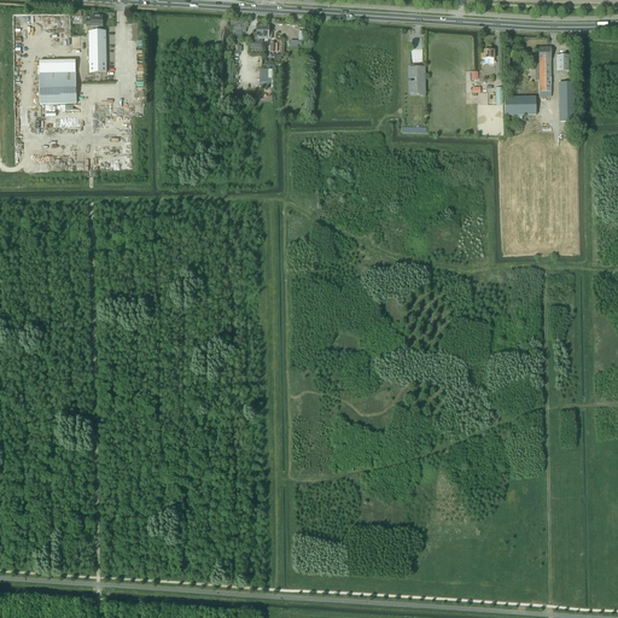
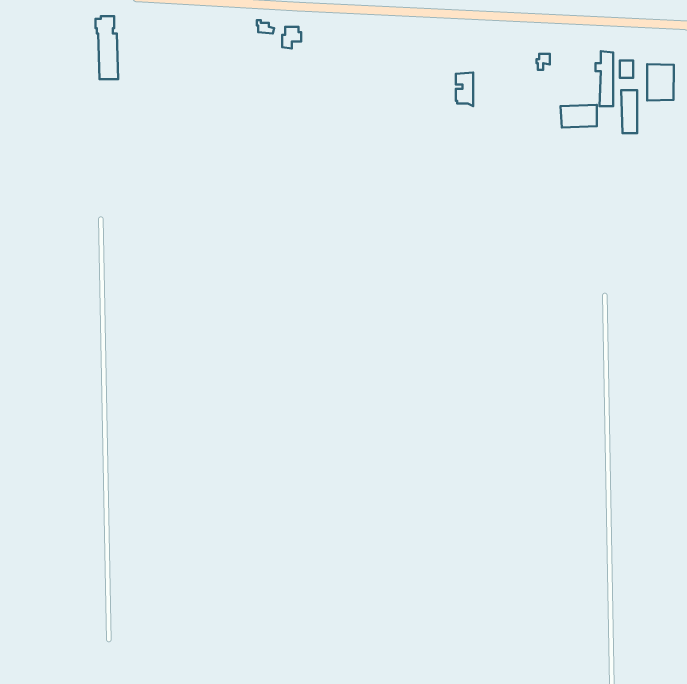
building: none -> [647,64,674,101]
building: [39,72,76,103] -> none

